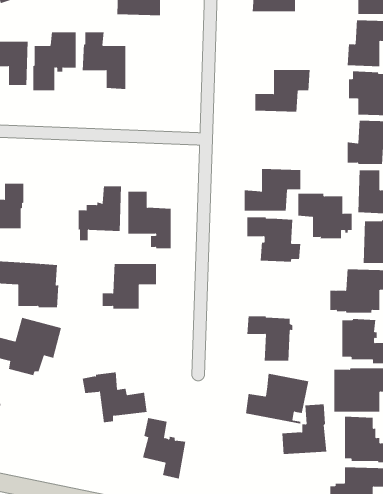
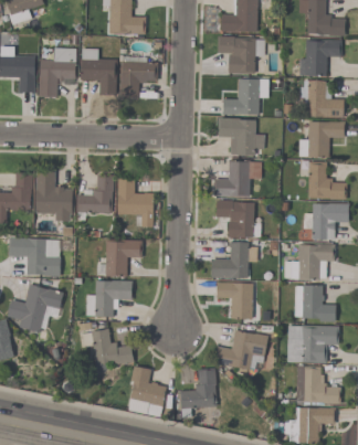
building: none -> [217,36,264,74]
building: none -> [119,57,157,100]
building: none -> [35,170,72,222]
building: [298,193,352,239] -> [218,118,263,156]
building: none -> [210,243,248,278]
building: none -> [85,282,131,317]
building: [282,404,327,455] -> [179,368,217,410]

